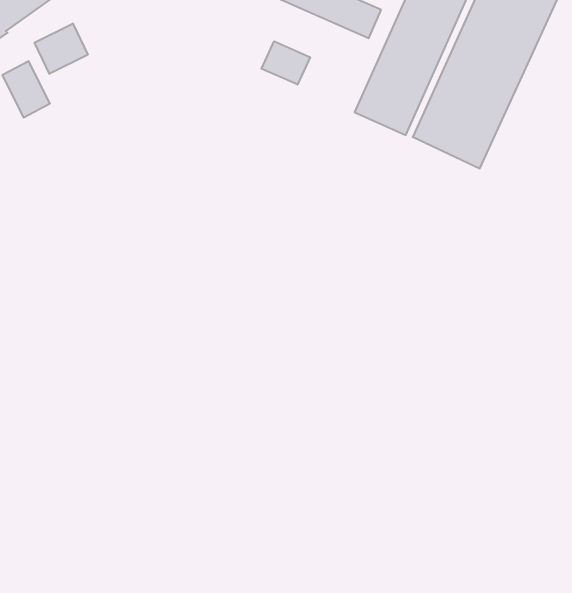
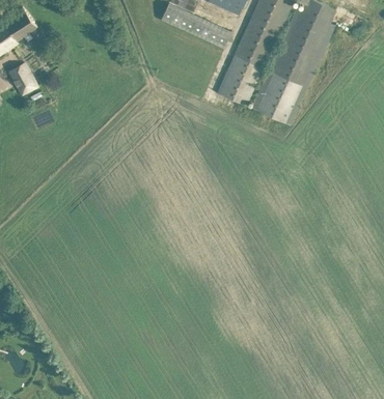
building: [35,23,88,74] -> none
building: [261,41,310,85] -> none

